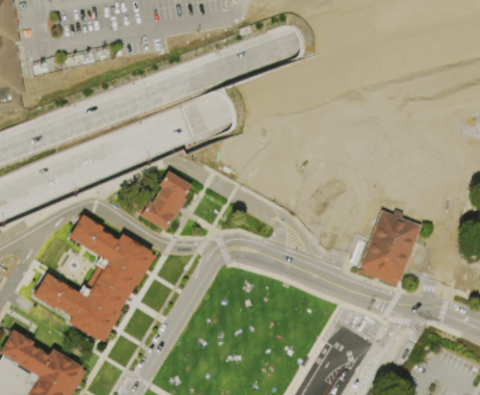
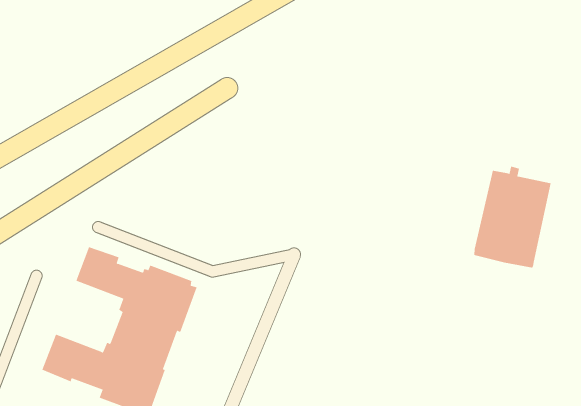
building: [141,172,192,230] -> none

